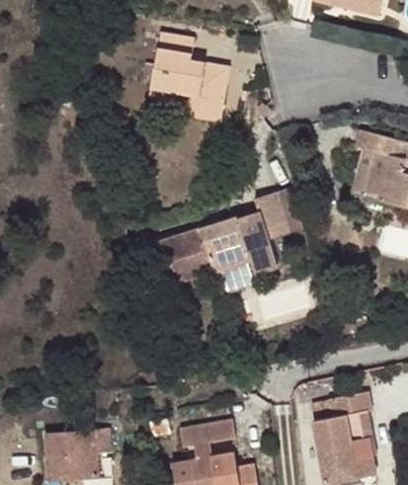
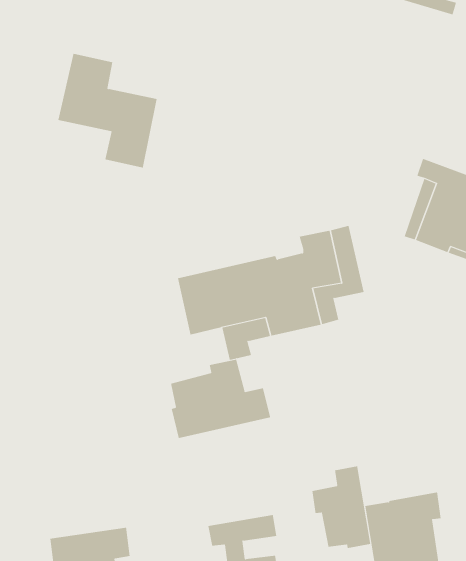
building: [153,31,233,124] -> [58,53,158,168]
building: none -> [170,359,271,439]
building: none -> [312,466,371,549]

